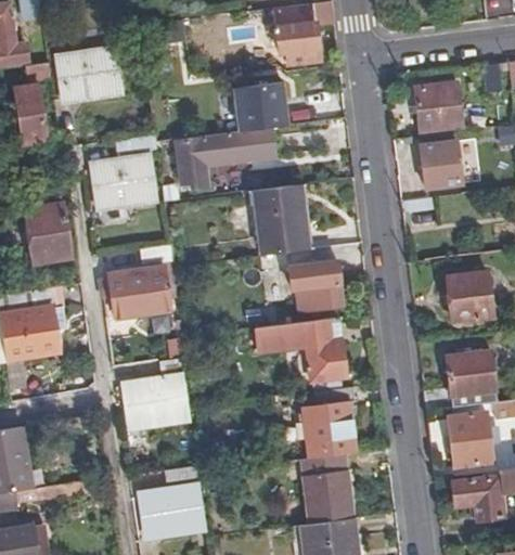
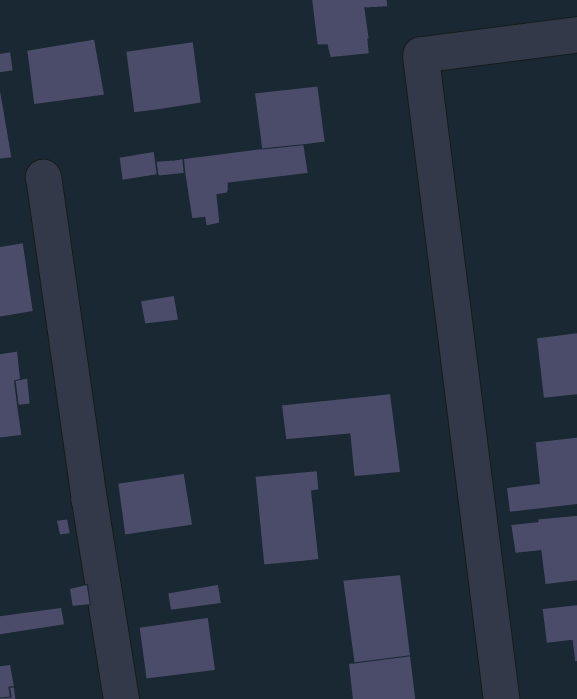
building: none -> [126,41,201,113]
building: [415,82,463,131] -> none
building: [420,140,462,186] -> none
building: [98,160,155,220] -> none
building: [255,185,308,256] -> none
building: [288,263,342,312] -> none
building: [113,270,170,317] -> none
building: [306,388,355,460] -> [255,471,319,565]

